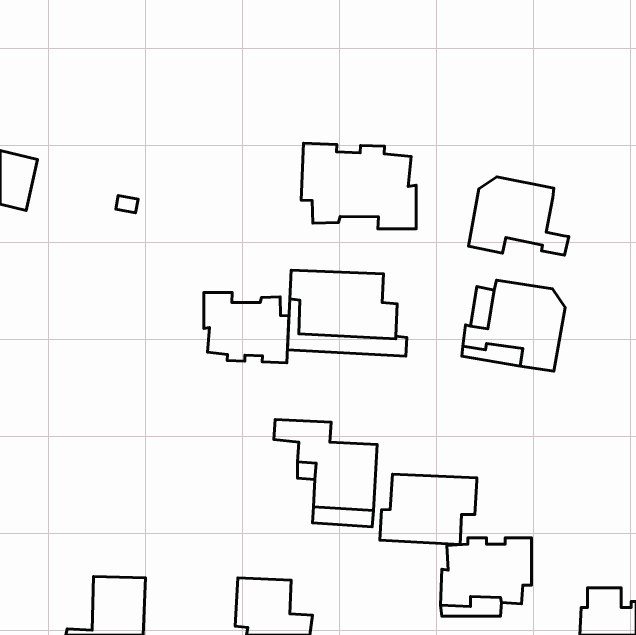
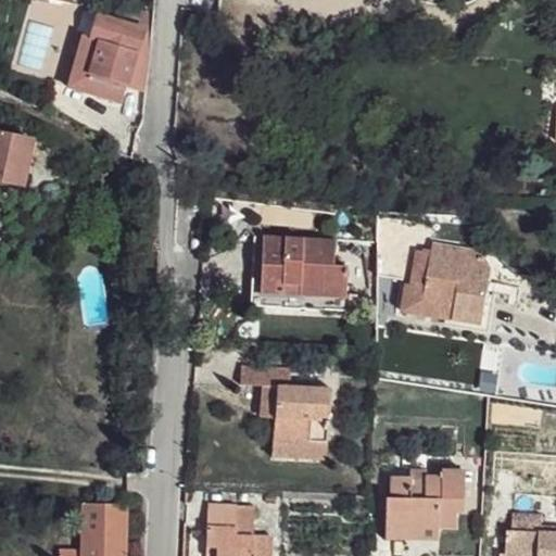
building: none -> [67,16,143,104]
building: [301,143,416,229] -> none
building: [469,177,569,255] -> none
building: [204,293,289,363] -> none
building: [380,474,477,545] -> none

